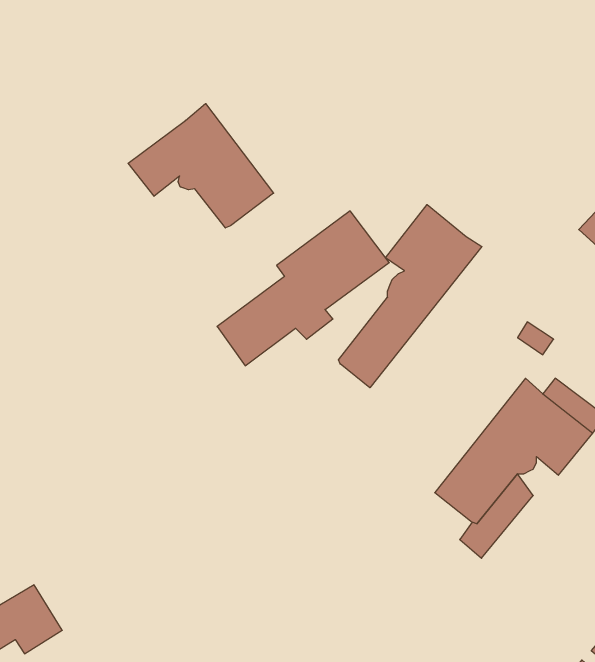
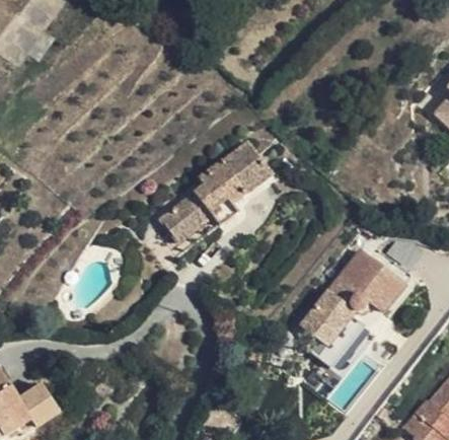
building: [128,104,274,228] -> none
building: [338,205,482,388] -> none

